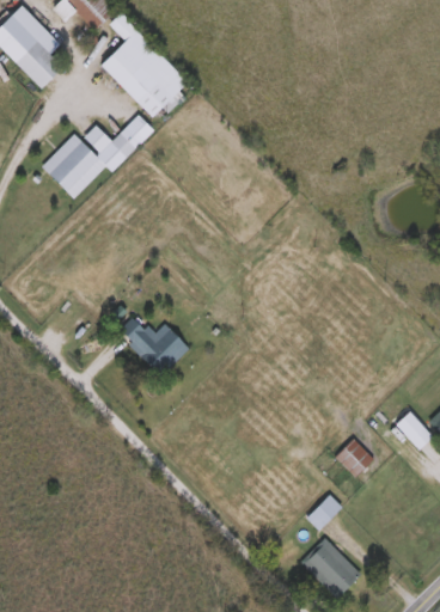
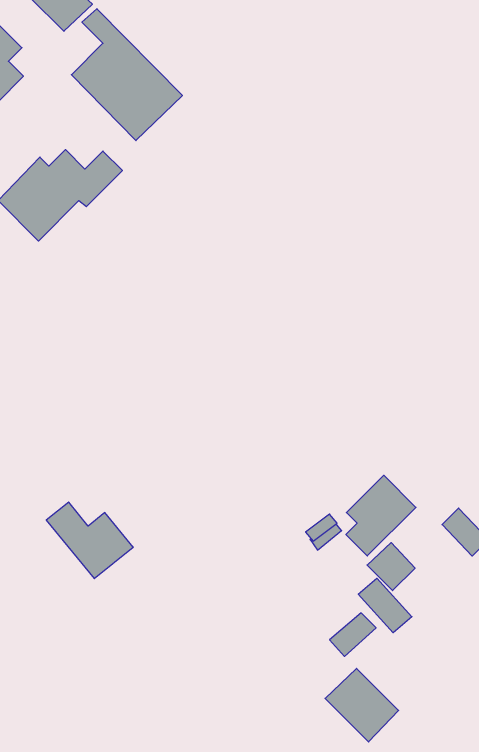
building: [121,314,190,375] -> [46,502,133,579]
building: none -> [346,475,416,556]
building: none -> [358,578,412,633]

